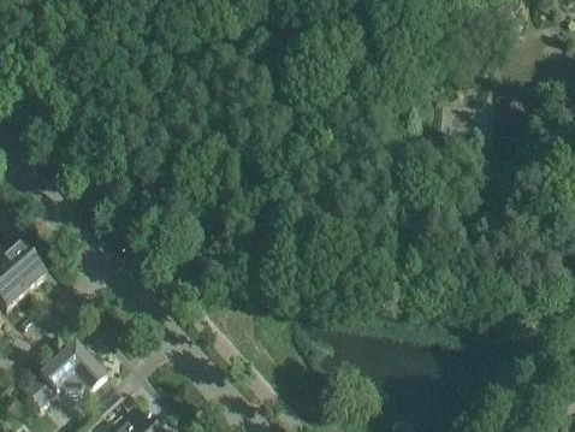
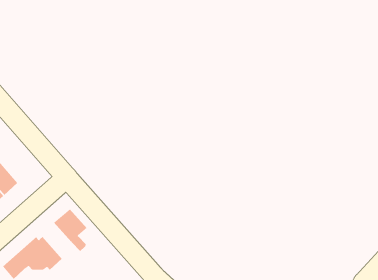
building: none -> [53,208,87,252]

